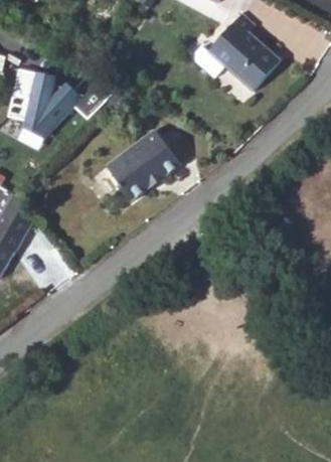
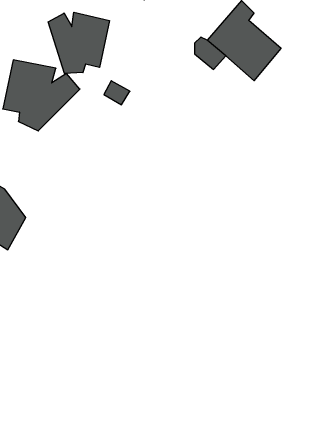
building: none -> [48,12,109,74]
building: [108,134,177,202] -> none

